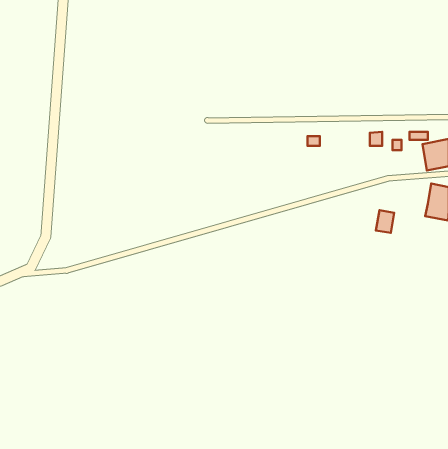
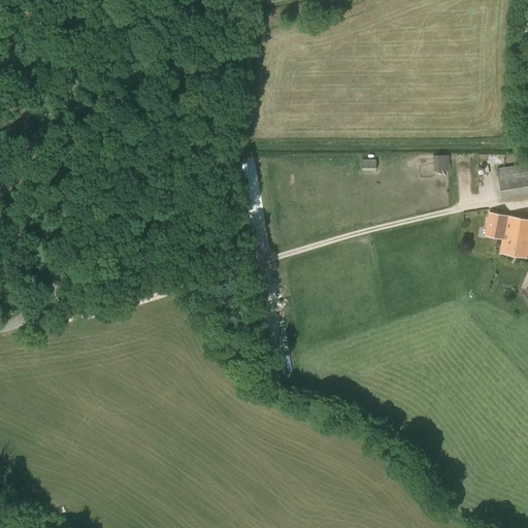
building: [376,210,394,233] -> [486,212,507,239]

